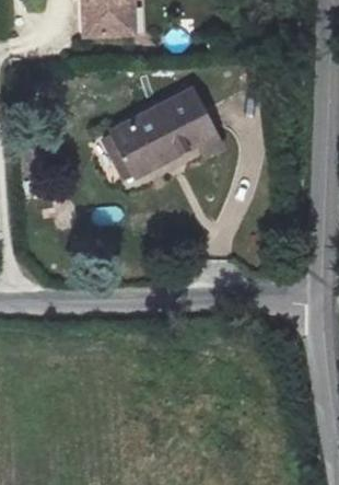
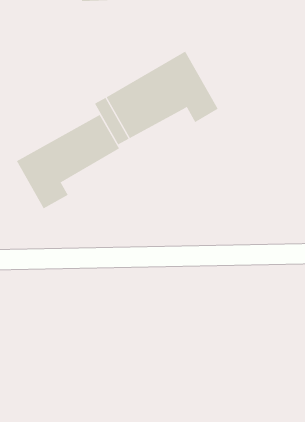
building: none -> [16,114,120,209]

